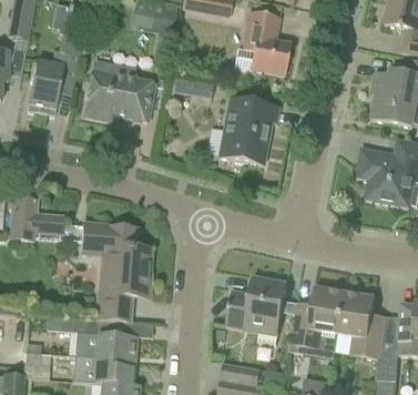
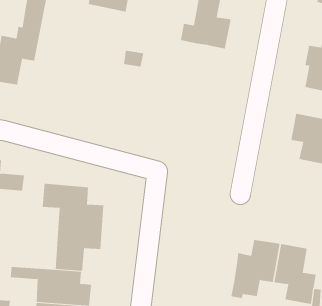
building: [85,61,154,120] -> none
building: [220,98,279,164] -> none
building: [226,275,288,343] -> none

